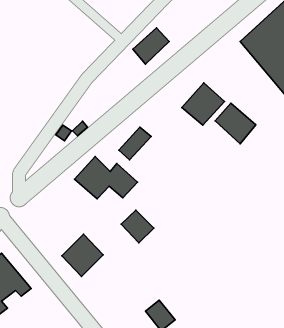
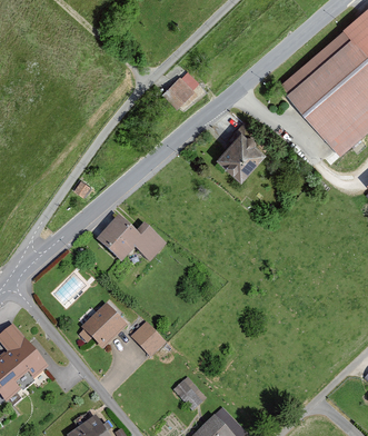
building: [215,103,256,144] -> none
building: [119,127,151,160] -> none
building: [121,210,154,243] -> [131,323,168,359]

